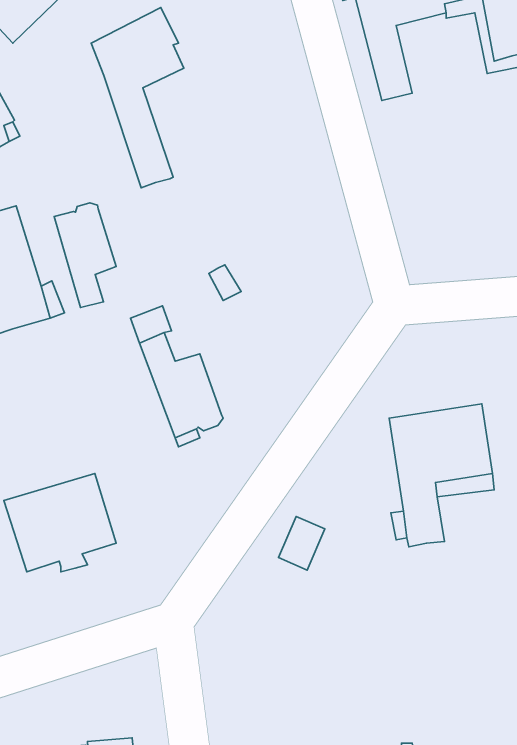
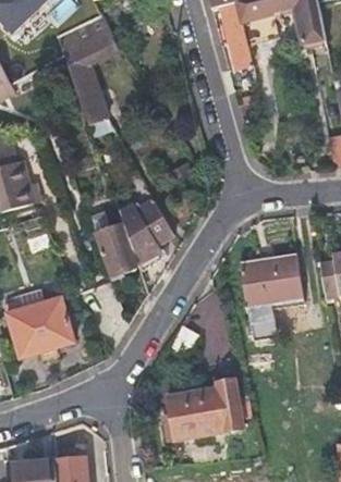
building: [54,203,116,307] -> none
building: none -> [120,191,176,260]
building: none -> [165,376,244,438]

